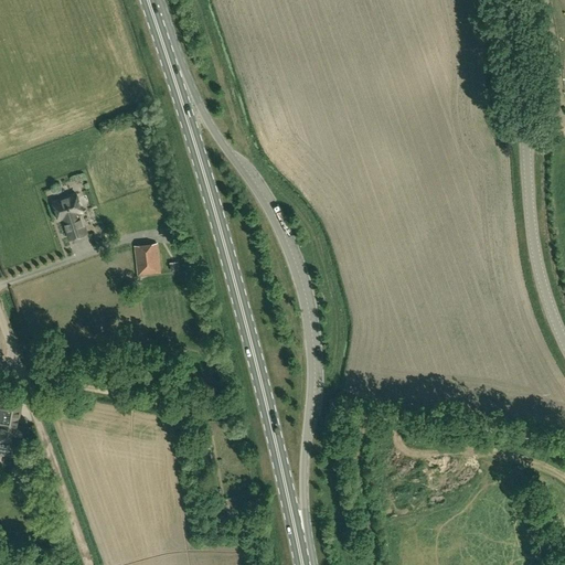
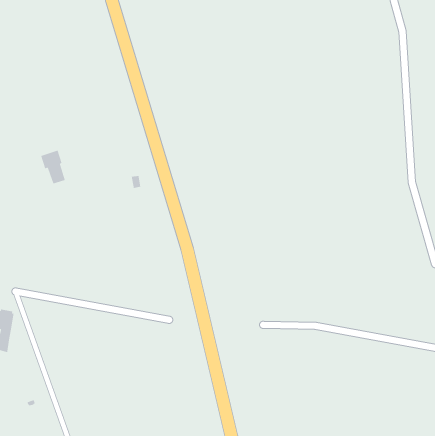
building: [134,244,159,276] -> none

